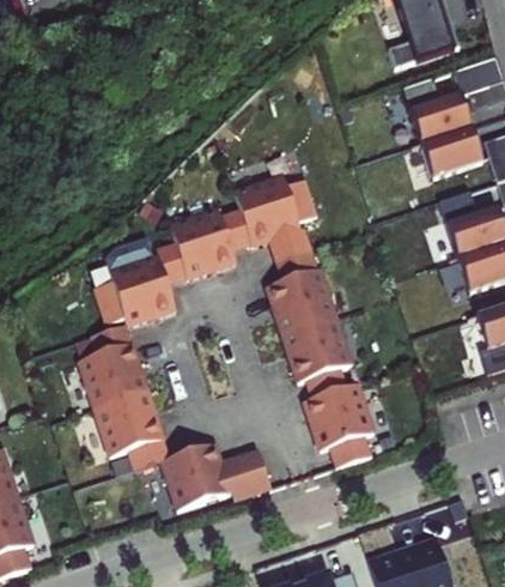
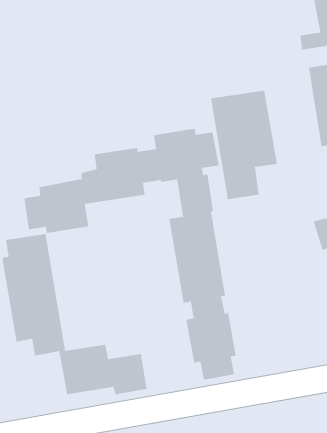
building: none -> [211,90,277,200]

